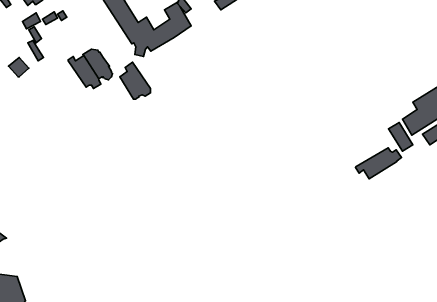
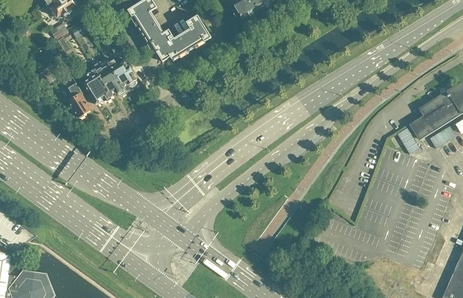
building: [120,62,151,99] -> [83,68,112,103]
building: none -> [68,83,91,117]
building: [356,148,401,179] -> none

